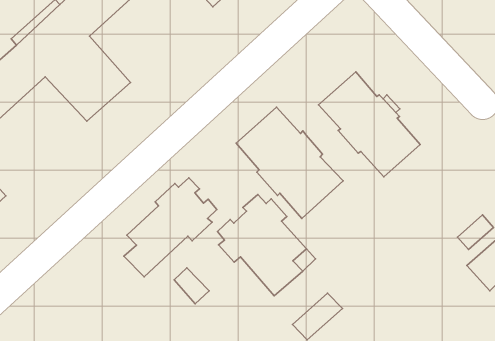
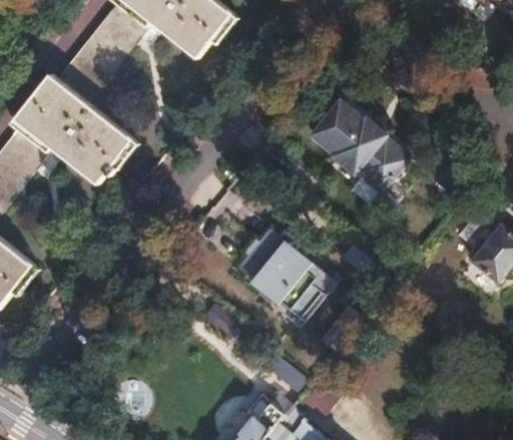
building: [236,107,343,218] -> none
building: [124,178,217,277] -> none

